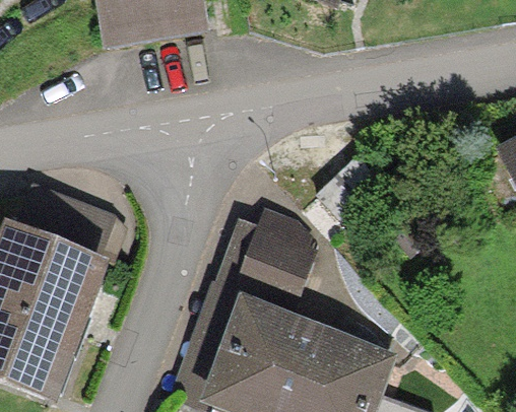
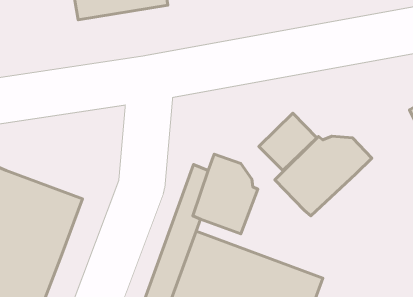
building: none -> [275,136,372,216]
building: [19,186,124,263] -> none

